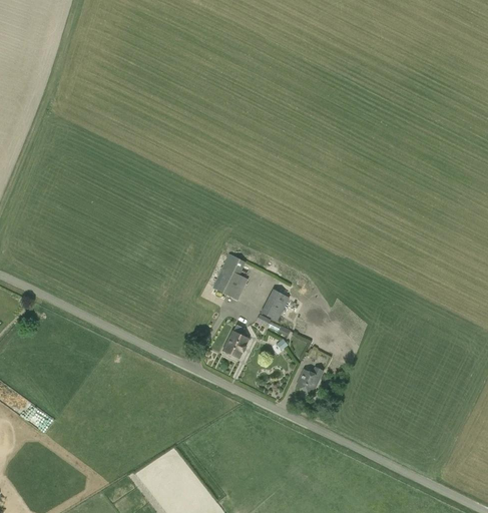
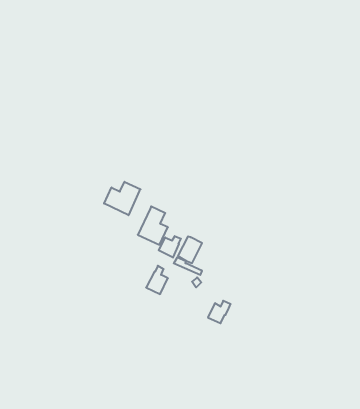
building: none -> [104,182,141,215]
building: none -> [159,236,181,258]

